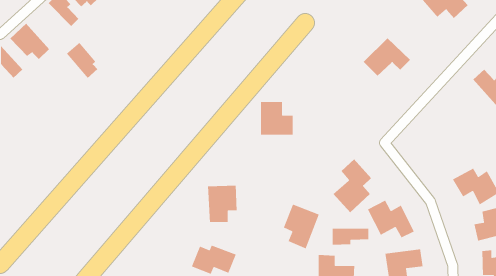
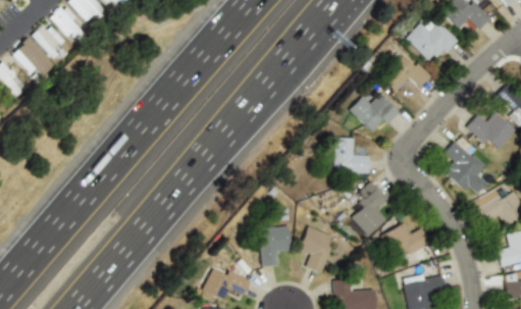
building: none -> [403,19,457,65]
building: [66,42,98,79] -> [33,22,66,61]
building: none -> [349,94,400,131]
building: none -> [467,114,513,153]
building: [260,101,293,135] -> [334,138,369,173]
building: none -> [441,140,486,190]
building: [207,185,237,223] -> [259,226,291,266]
building: [332,228,369,246] -> none

